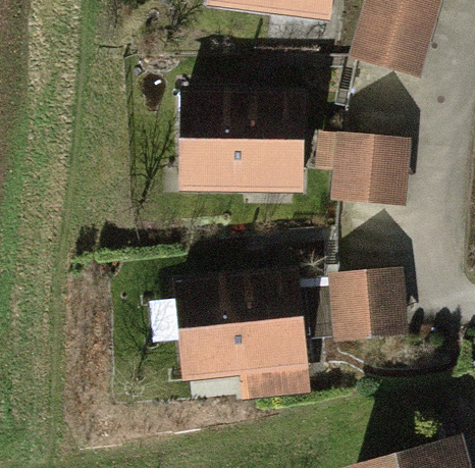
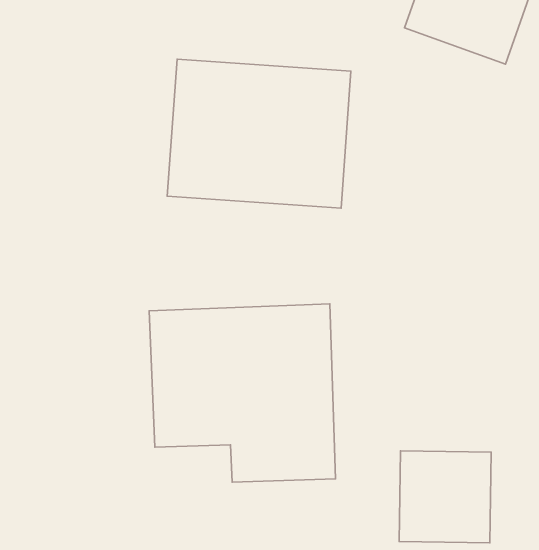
building: [330,135,409,208] -> none
building: [330,266,401,336] -> [399,451,491,543]

